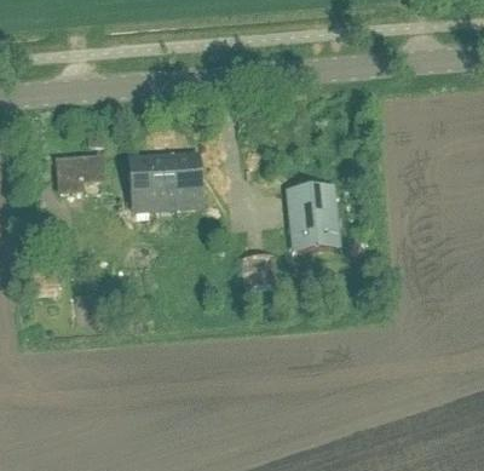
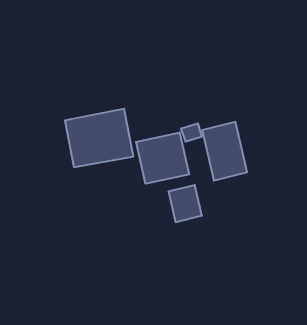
building: [57,154,102,191] -> none
building: none -> [136,132,189,184]

